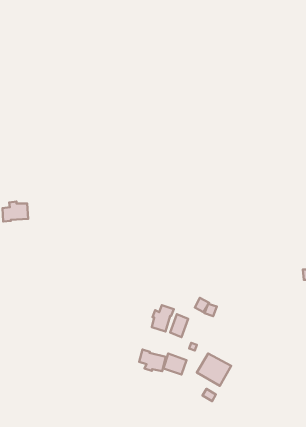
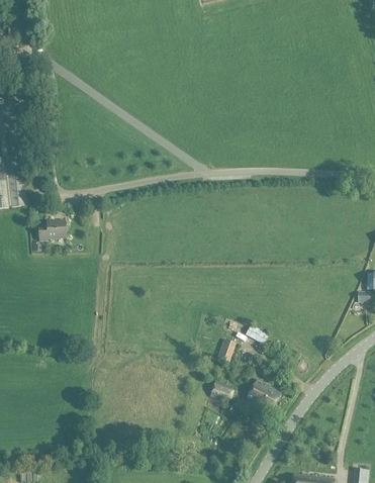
building: [152,305,174,331] -> none
building: [139,350,166,371] -> none

